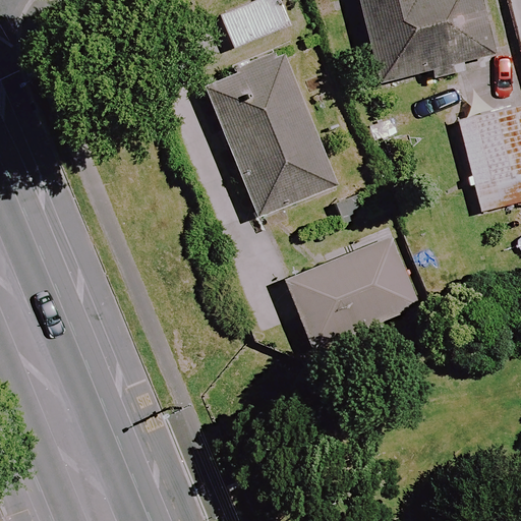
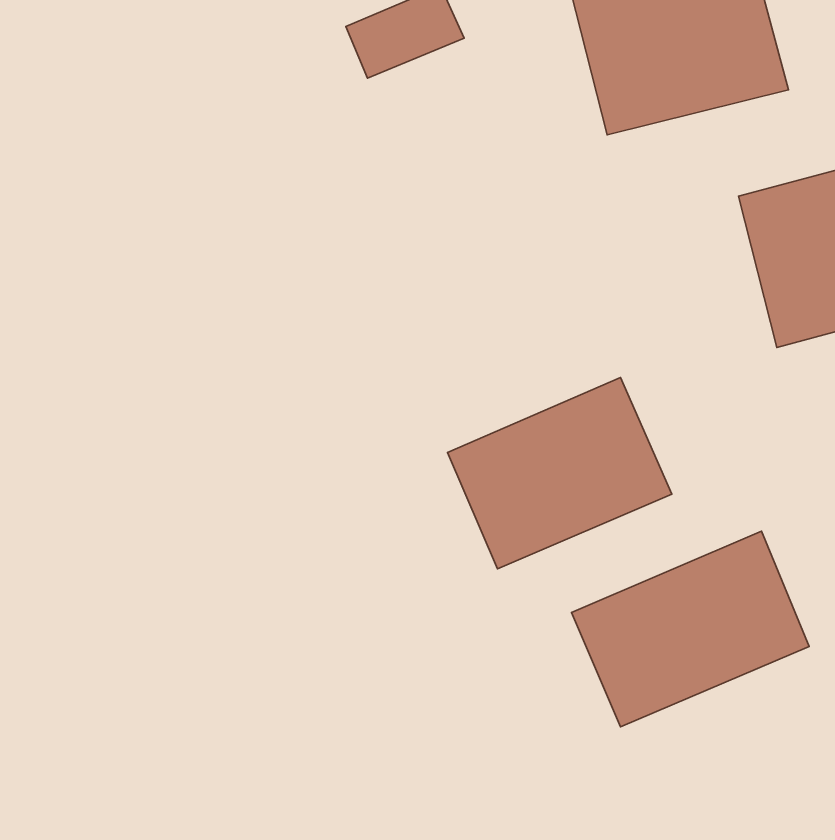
building: [206,51,337,216] -> none
building: none -> [572,531,809,727]

